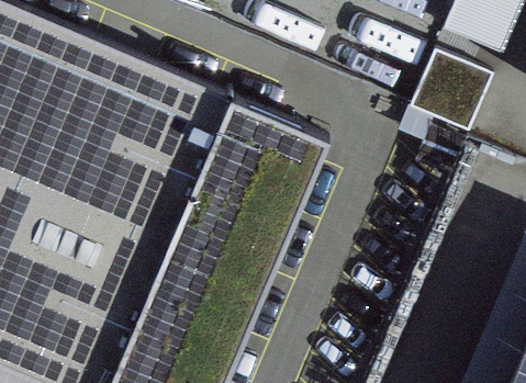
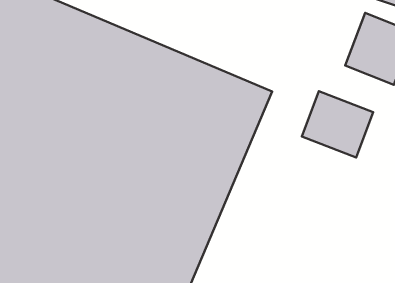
building: none -> [302,91,373,157]

